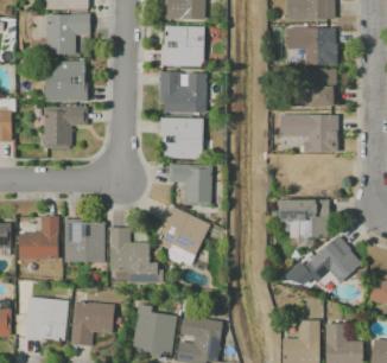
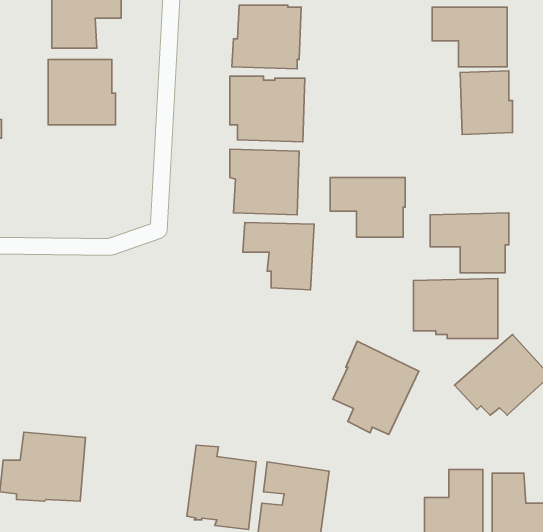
building: [44,107,87,148] -> none
building: [290,115,337,153] -> [330,177,405,237]
building: [156,206,210,266] -> [333,341,419,435]
building: [19,216,58,260] -> none
building: [63,218,104,261] -> none
building: [109,228,165,284] -> none
building: [71,301,114,346] -> none

